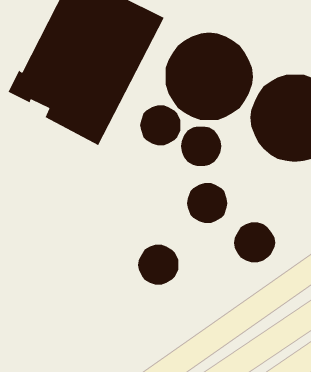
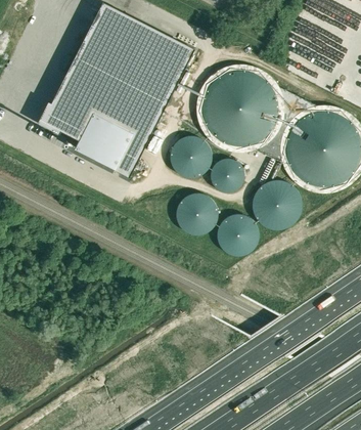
building: [233,221,276,263] -> [256,184,299,226]
building: [137,244,179,286] -> [175,193,217,235]

